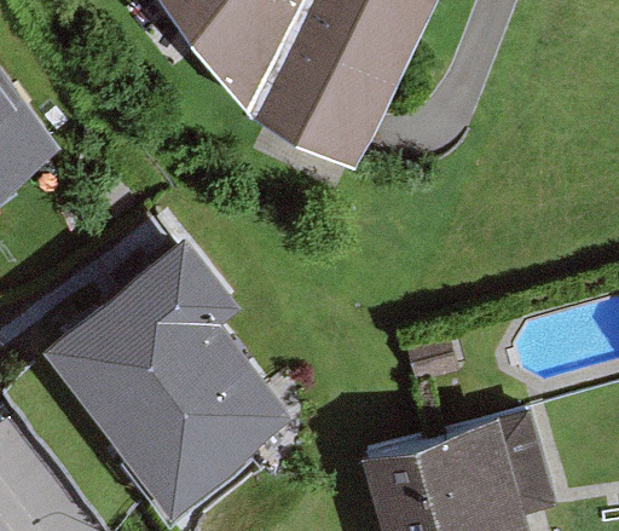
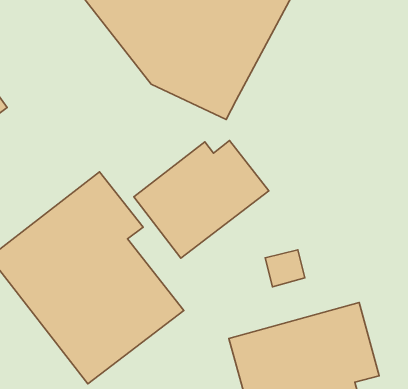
building: none -> [134,140,269,258]

